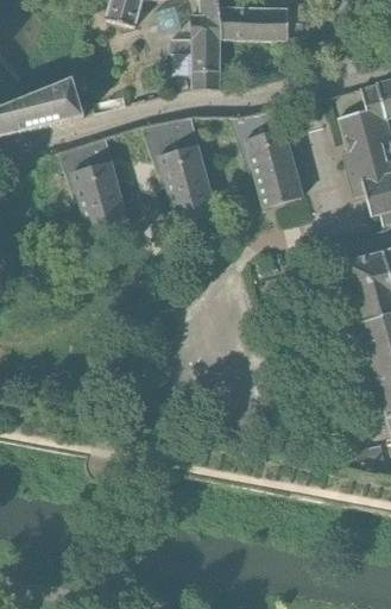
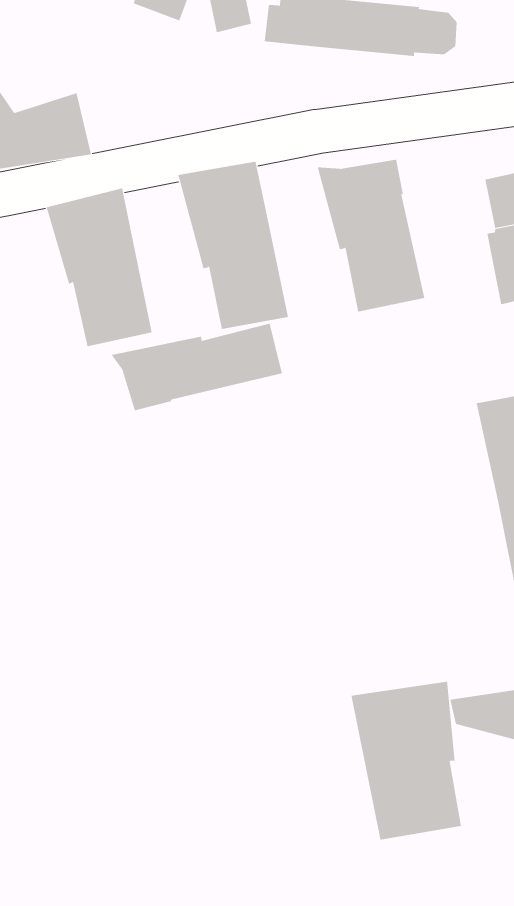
building: [171,37,221,88] -> none
building: none -> [111,323,282,411]
building: none -> [351,681,462,841]

